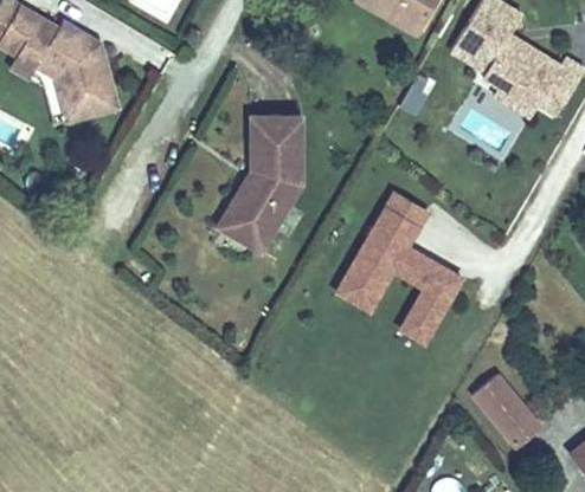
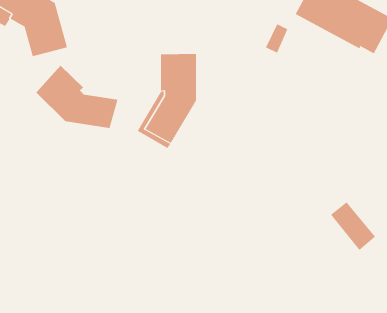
building: none -> [36,65,118,129]
building: [334,186,464,344] -> none
building: [475,376,540,446] -> [330,202,376,251]

